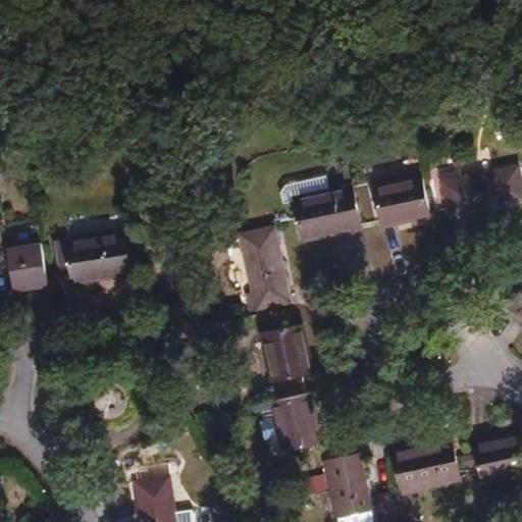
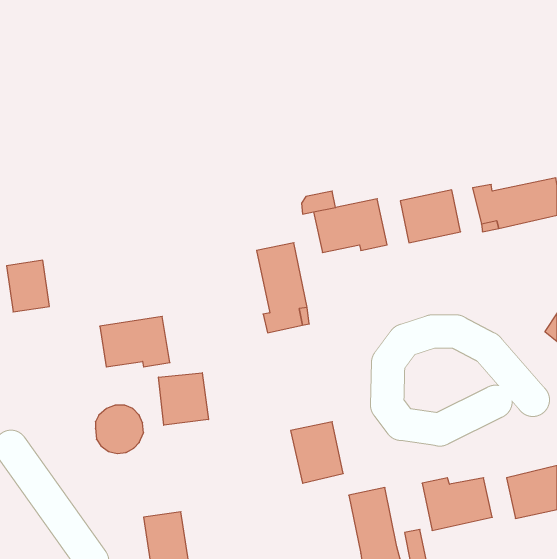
building: [67,229,133,276] -> [100,316,170,367]
building: [262,325,311,381] -> none
building: none -> [159,373,208,425]

